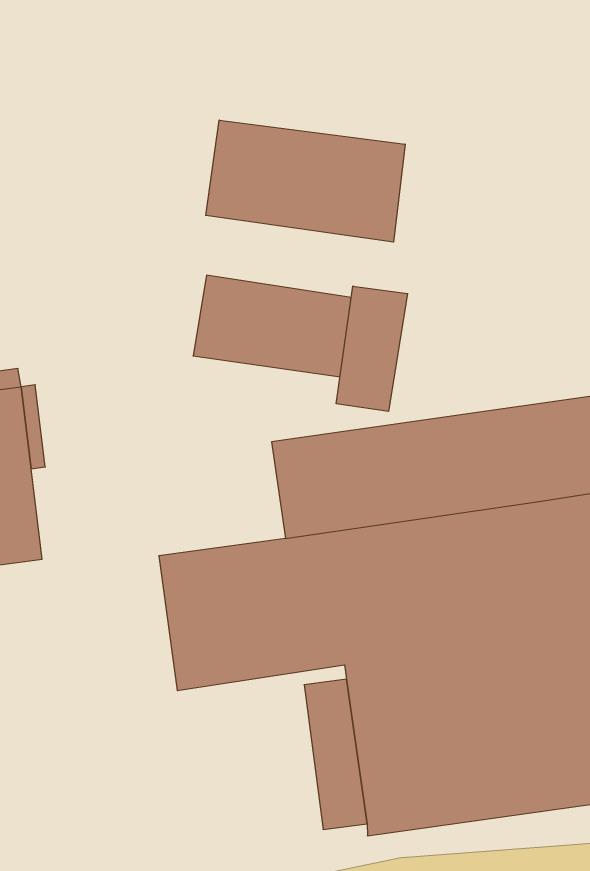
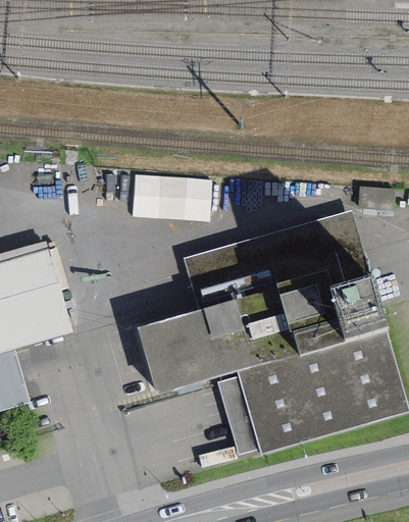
building: [206,120,405,242] -> none
building: [336,286,408,411] -> none

